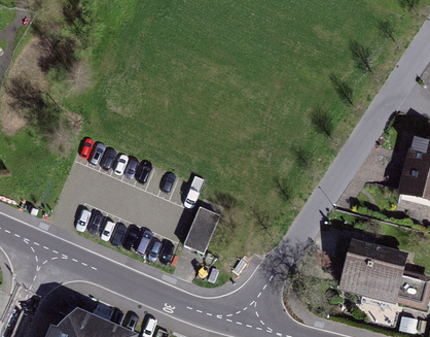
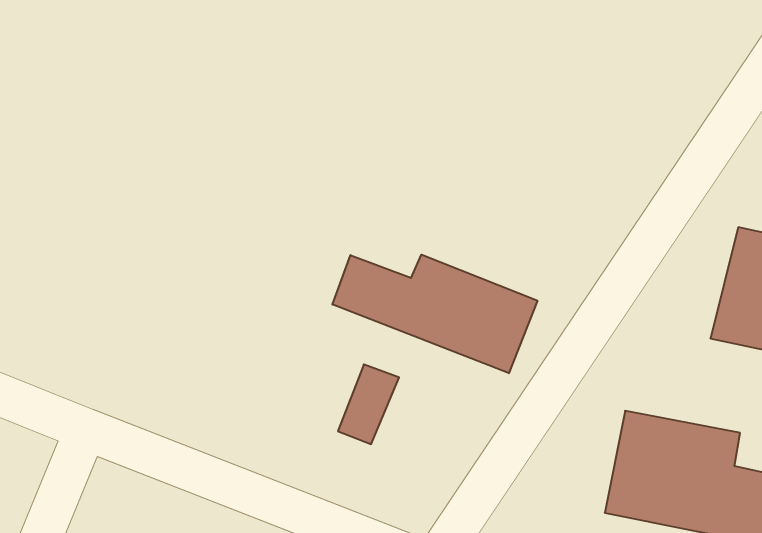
building: none -> [332,255,537,373]

